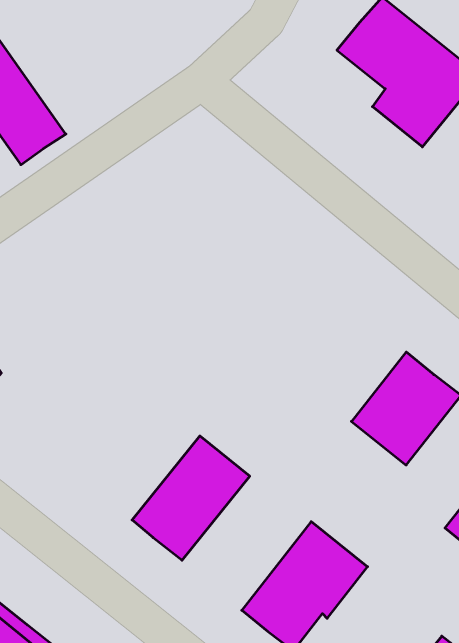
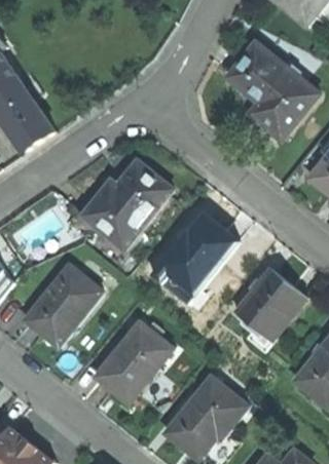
building: none -> [81,160,171,248]
building: none -> [163,217,236,288]
building: none -> [25,266,101,345]

